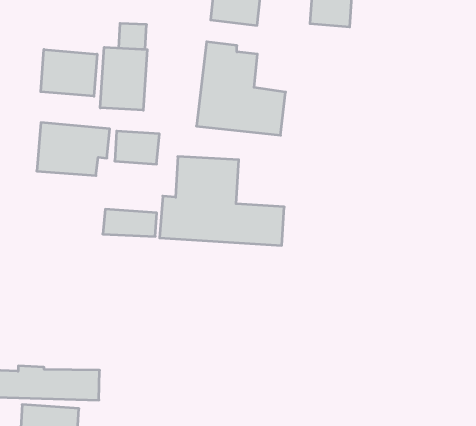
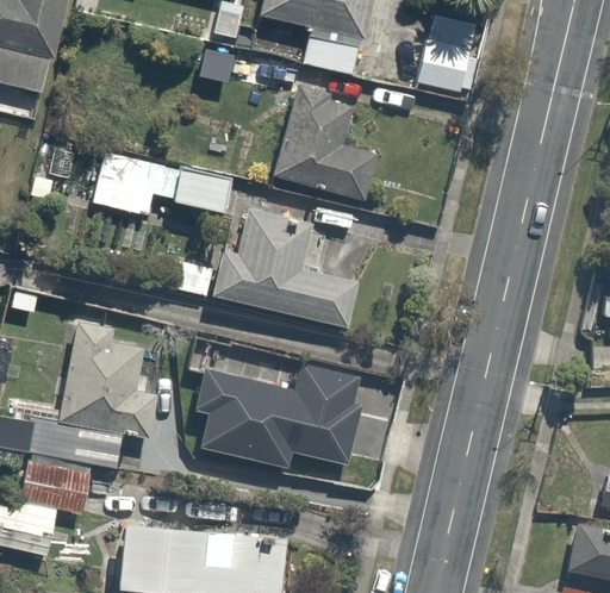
building: [100,47,147,110] -> none
building: [41,49,97,96] -> none
building: none -> [60,322,158,439]
building: none -> [197,362,363,469]

